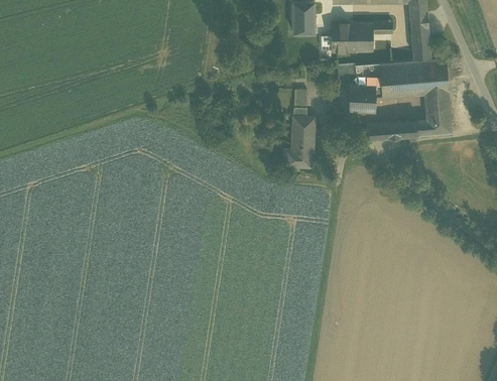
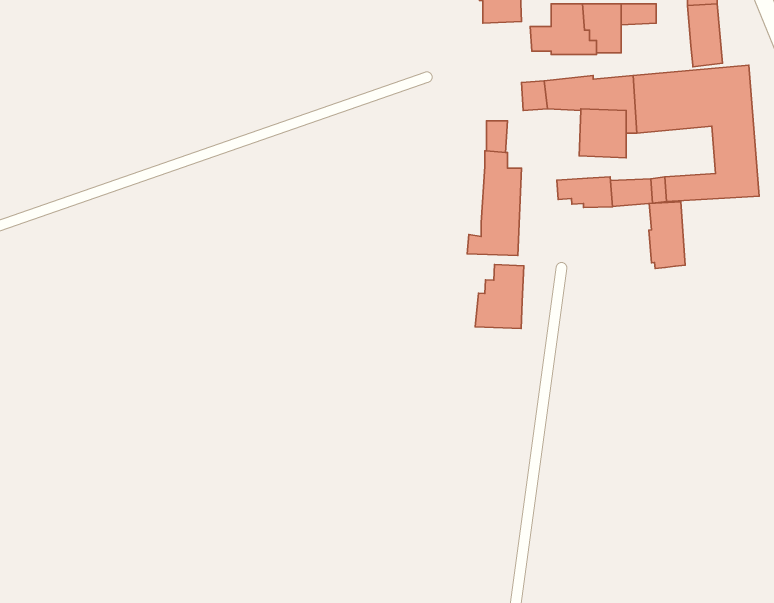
building: none -> [557,177,612,207]
building: none -> [649,202,685,268]
building: none -> [475,265,524,329]

